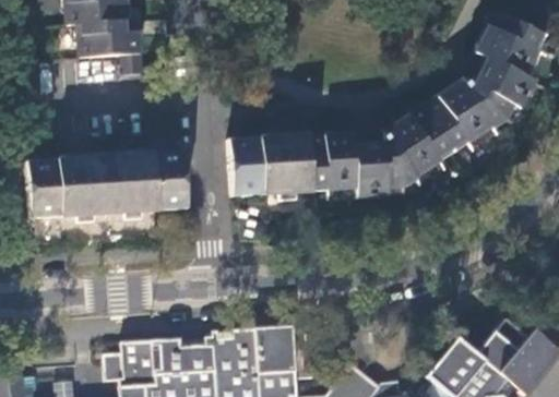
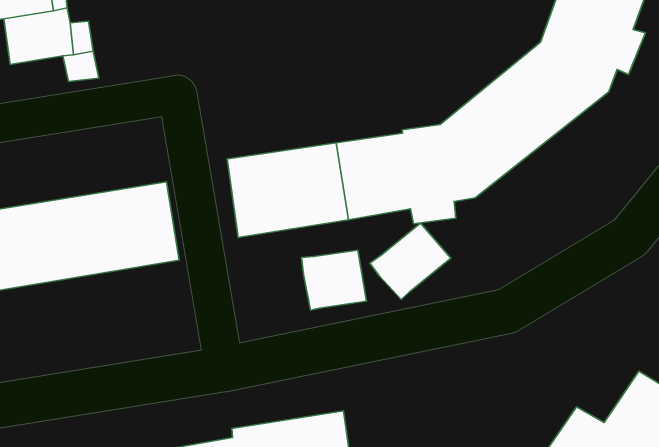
building: none -> [370,223,451,299]
building: none -> [301,250,366,310]

